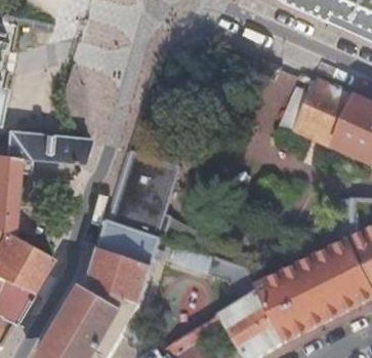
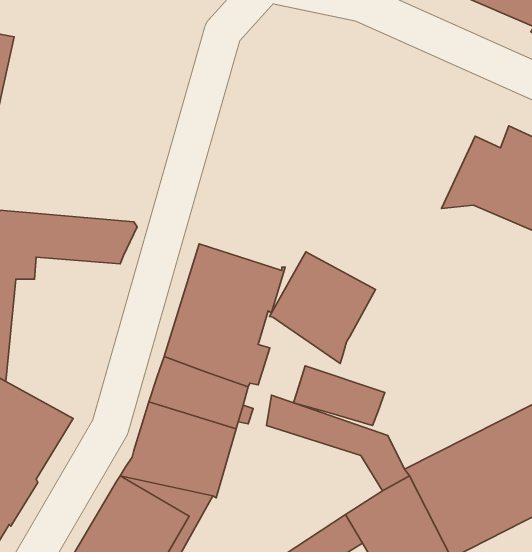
building: none -> [270,252,375,363]
building: none -> [294,366,385,426]

